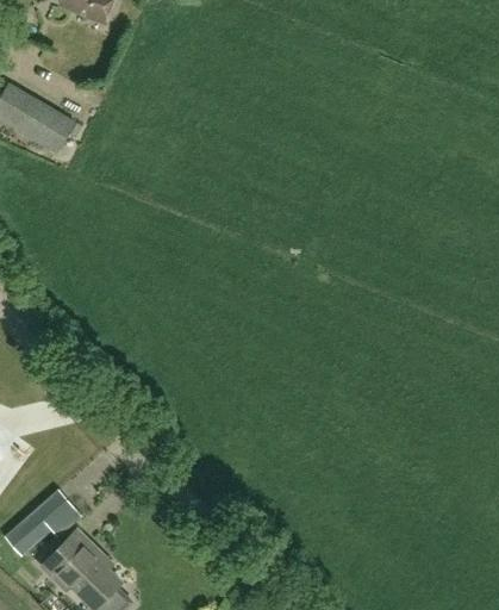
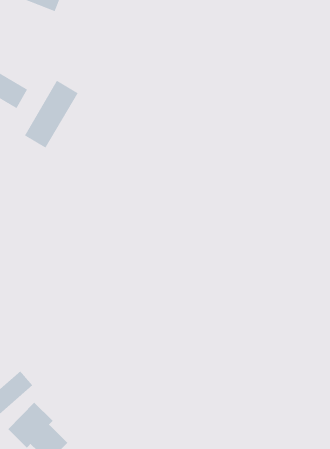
building: none -> [24,80,78,149]

